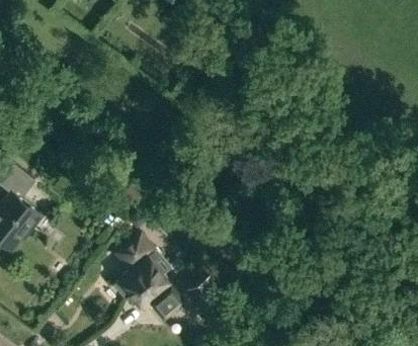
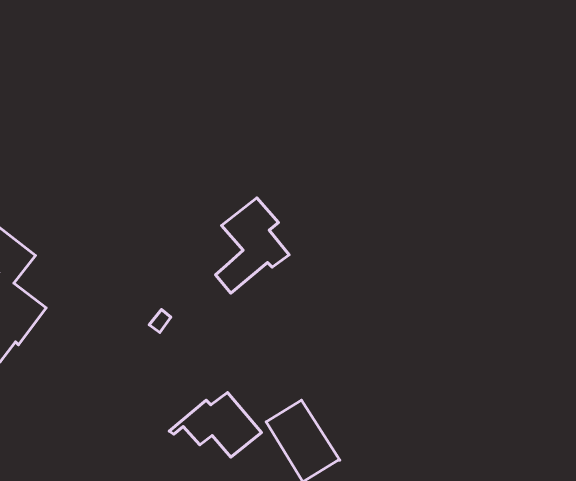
building: [110,238,159,300] -> [215,198,289,293]

